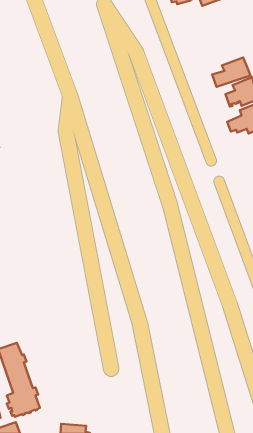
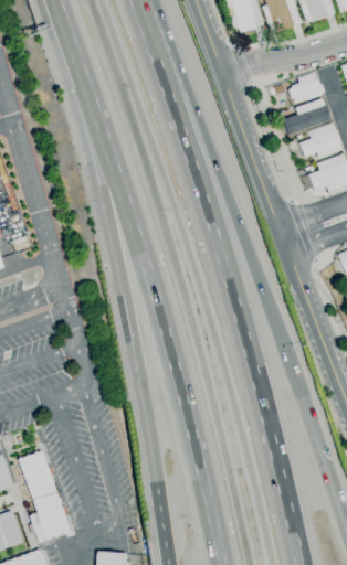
building: none -> [287,72,325,103]

